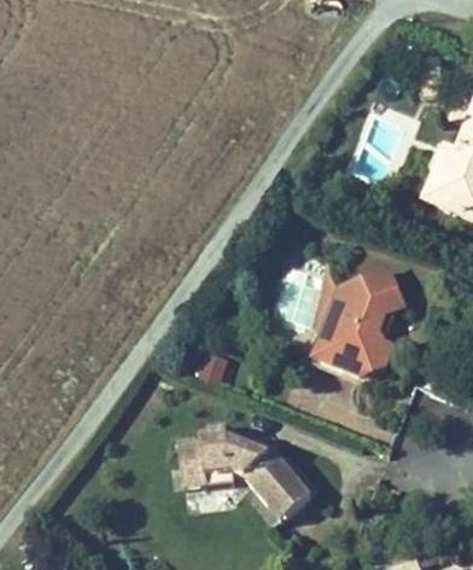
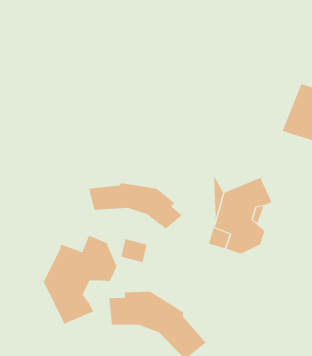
building: none -> [89,182,183,230]
building: none -> [43,235,117,325]

